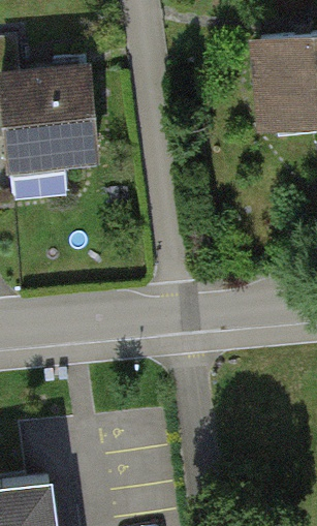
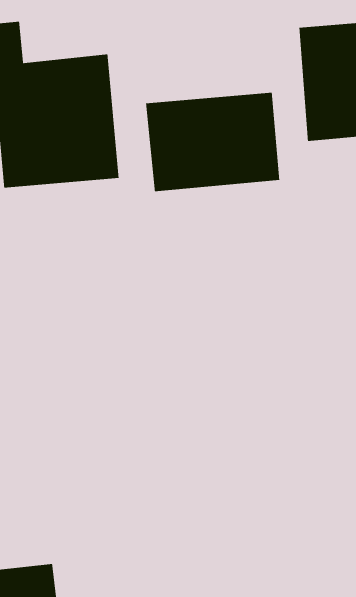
building: none -> [145,92,280,192]

